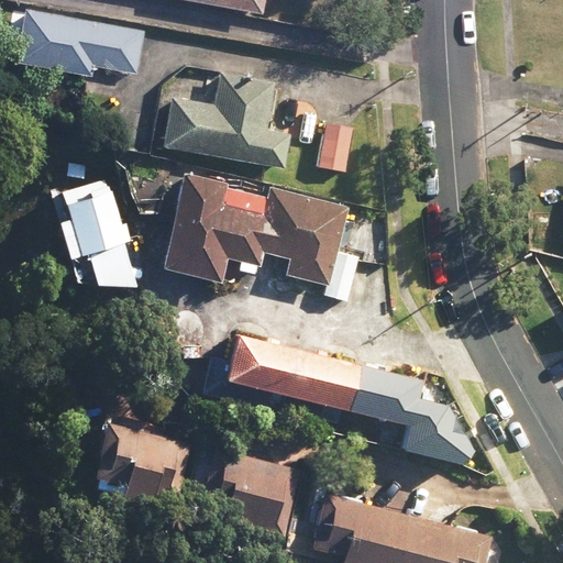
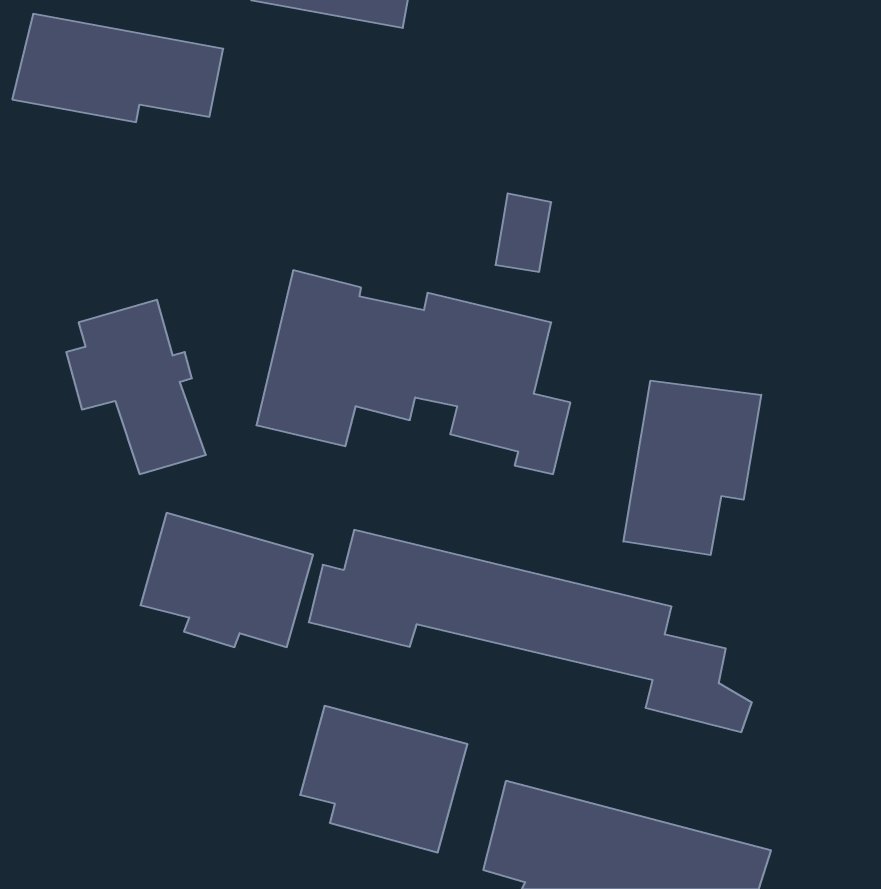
building: [162,71,289,168] -> none
building: none -> [623,381,761,555]
building: [81,418,190,503] -> [140,513,313,647]

